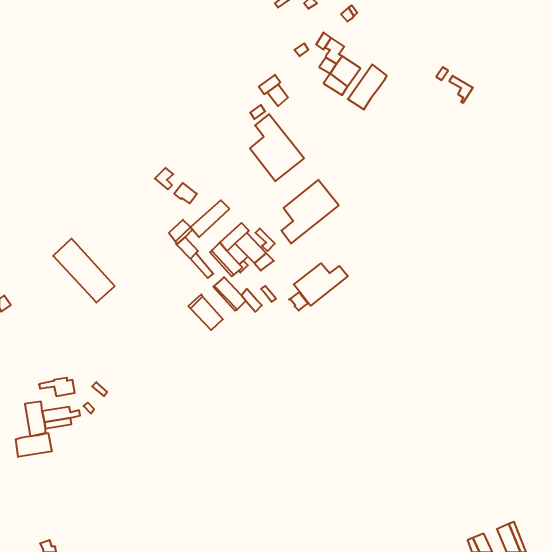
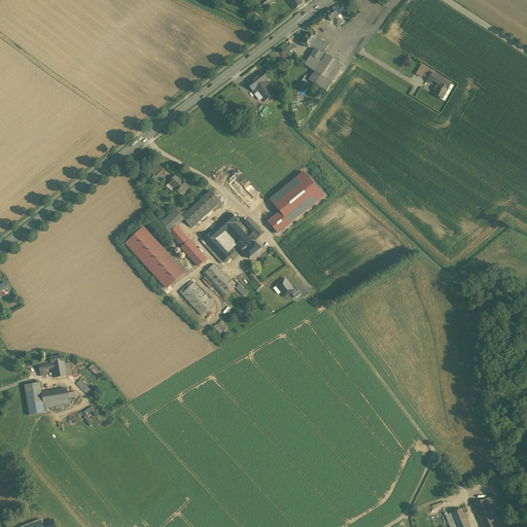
building: [348,64,387,110] -> none
building: [250,114,304,181] -> none
building: [53,239,115,303] -> [125,226,183,287]
building: [294,263,348,306] -> none
building: [16,433,52,457] -> none

